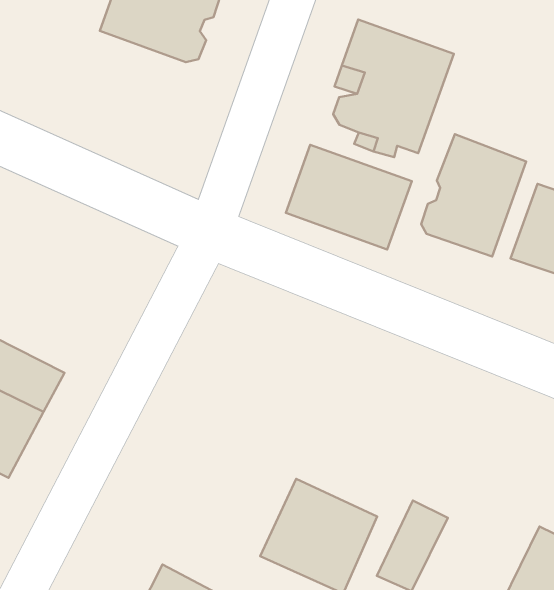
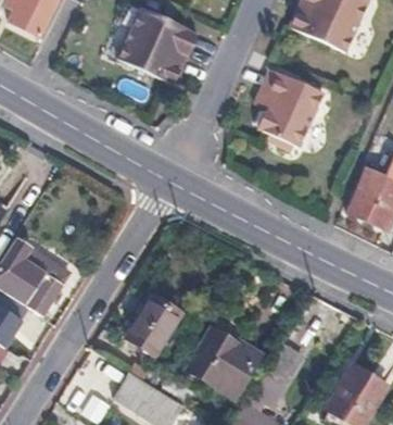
building: [421,134,526,257] -> none
building: [286,145,412,249] -> none
building: none -> [125,299,178,357]

